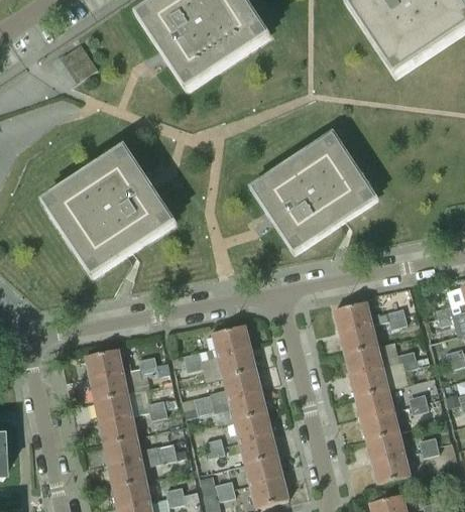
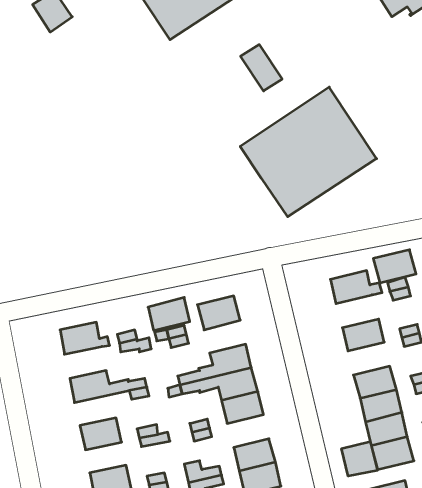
building: none -> [241,45,282,91]
building: [42,147,175,277] -> none
building: [339,325,378,355] -> [373,250,416,283]
building: [218,348,256,378] -> [148,297,190,330]
building: [350,368,388,398] -> none
building: [90,371,133,401] -> none
building: [99,416,137,444] -> none
building: [239,434,277,465] -> none
building: none -> [342,442,377,476]
building: [109,460,146,488] -> none

